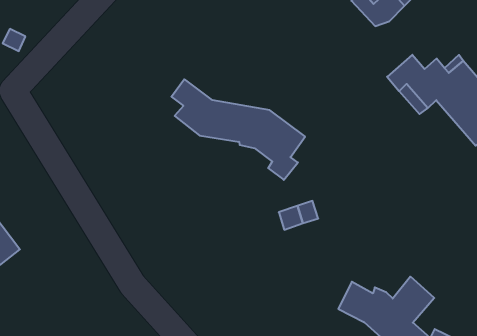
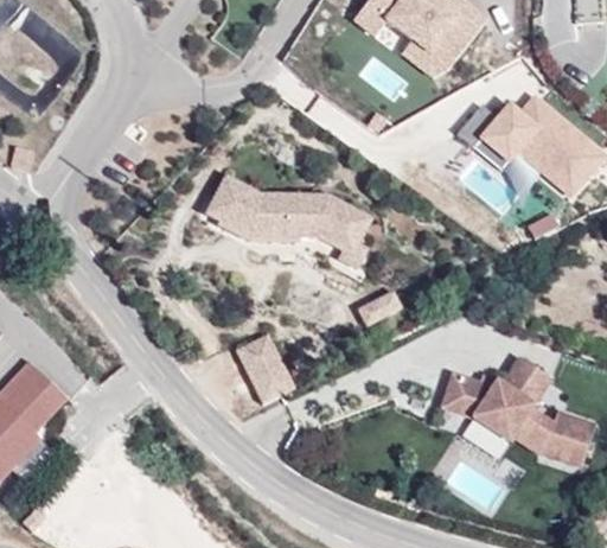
building: none -> [203,195,300,242]
building: none -> [235,332,296,403]

